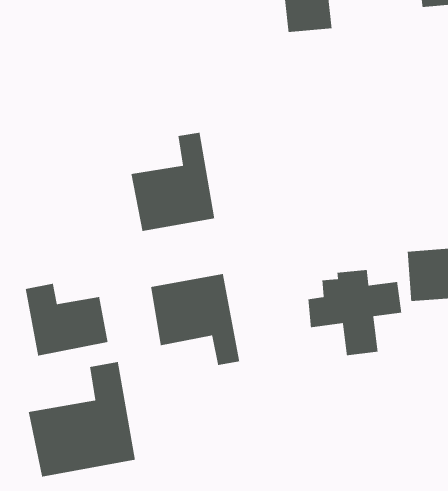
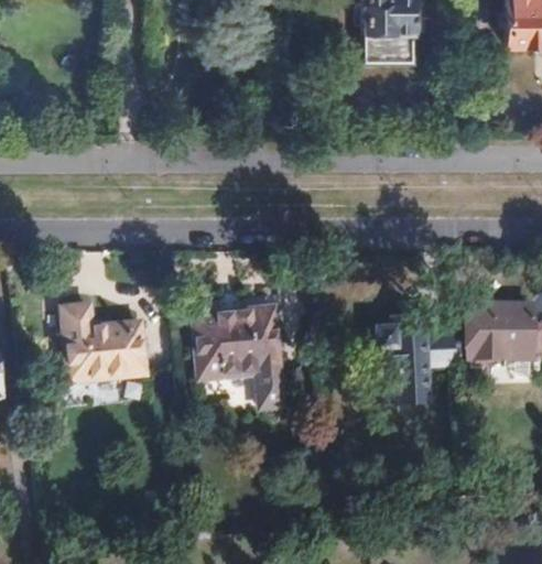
building: [130,132,215,232] -> none
building: [28,361,136,478] -> none

